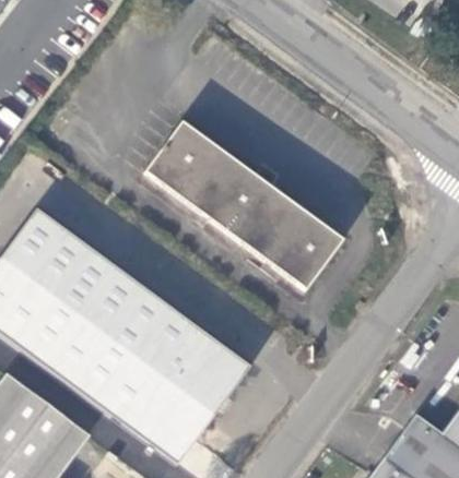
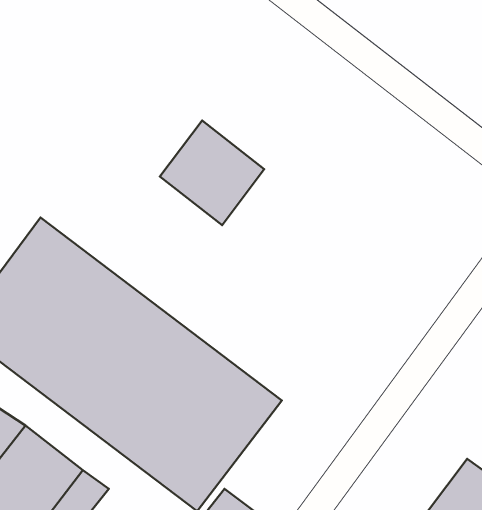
building: [200,164,339,290] -> none

